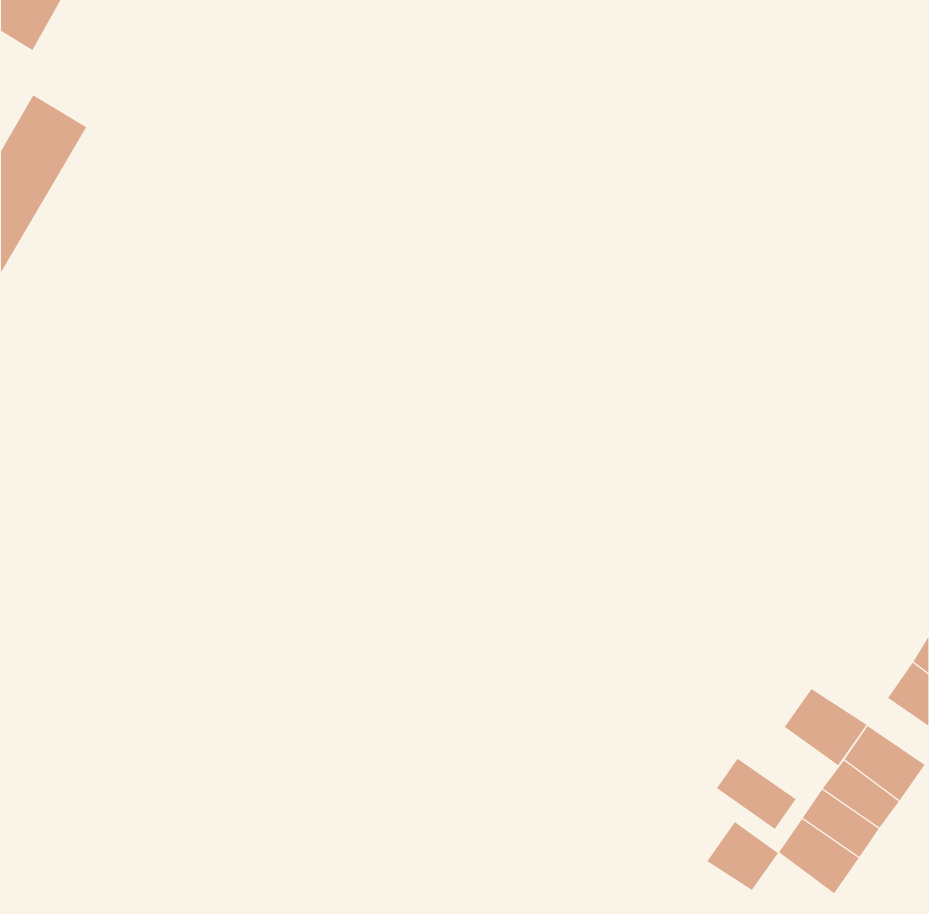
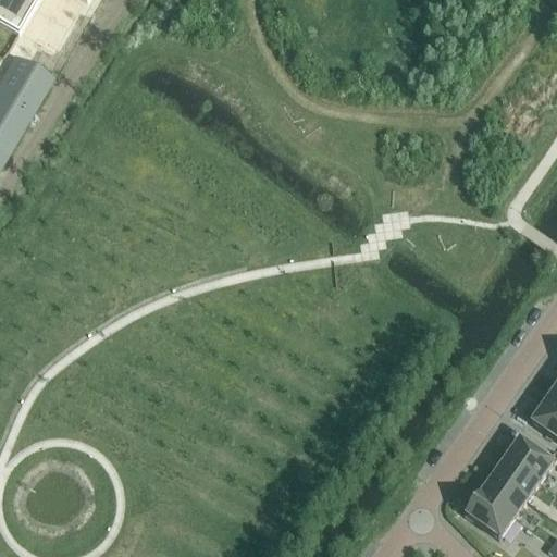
building: [784,688,868,766] -> none
building: [716,758,797,830] -> none
building: [706,821,779,891] -> none

